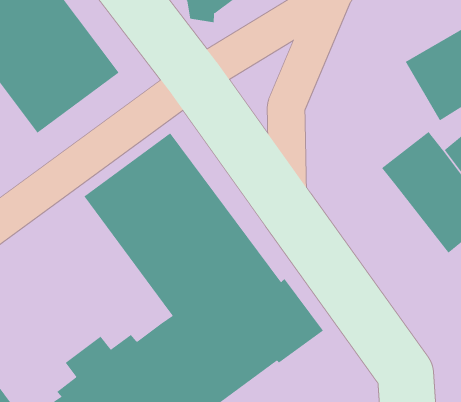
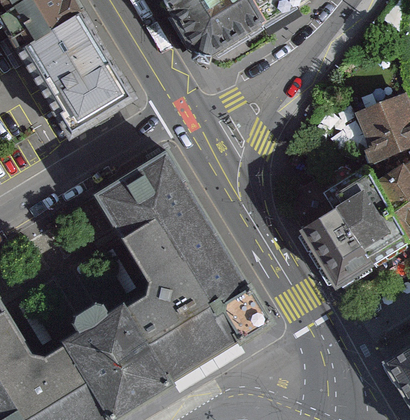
building: none -> [305,209,374,287]

